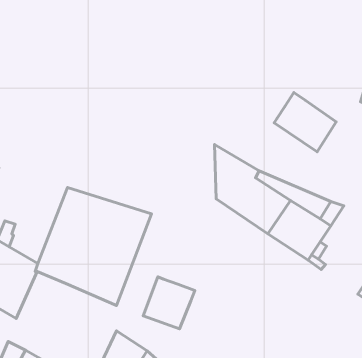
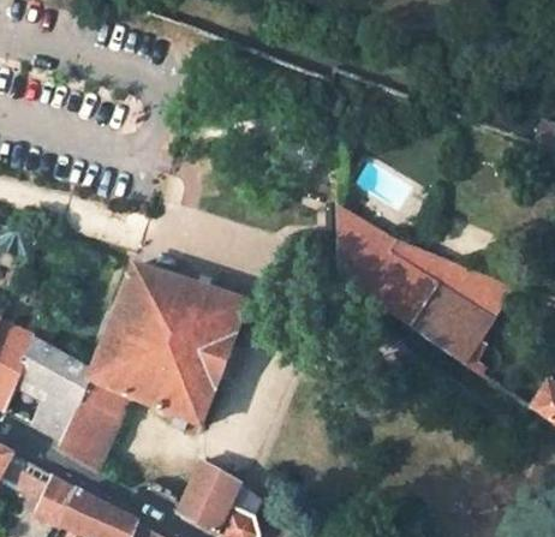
building: [274,92,336,152] -> none
building: none -> [61,377,131,470]
building: [143,277,195,329] -> none

